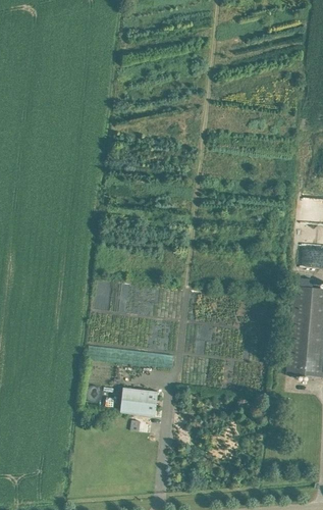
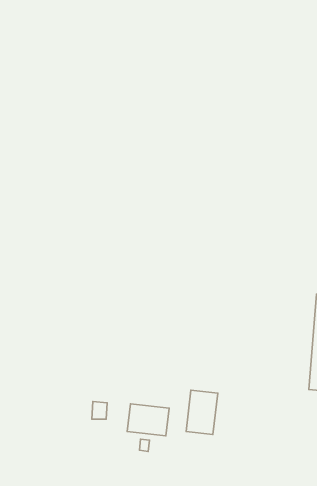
building: none -> [186,390,218,434]

